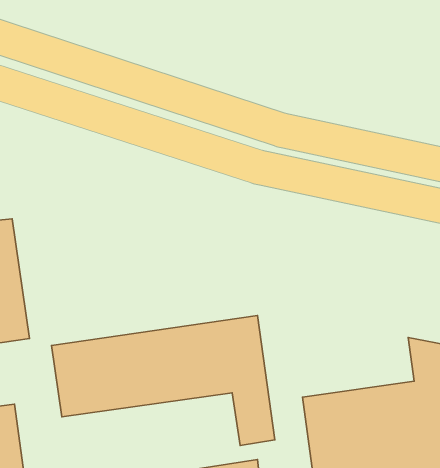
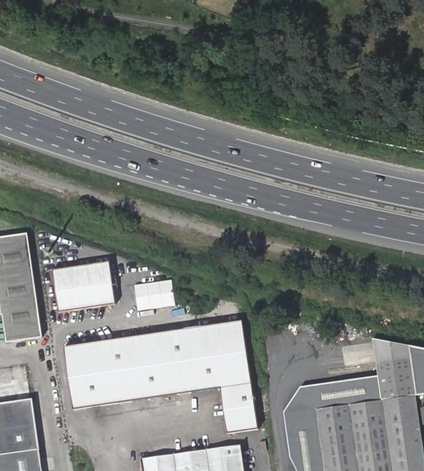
building: none -> [51,260,114,310]
building: none -> [132,279,171,306]

